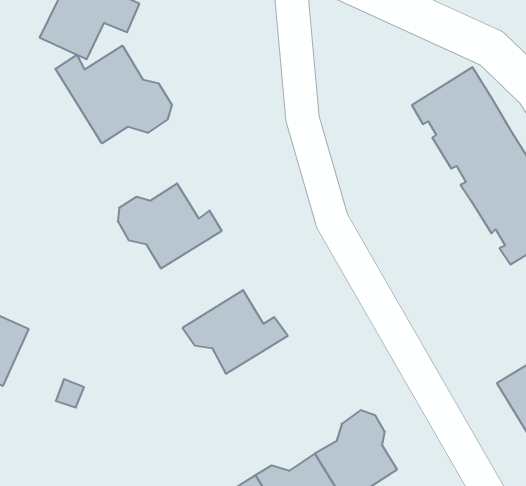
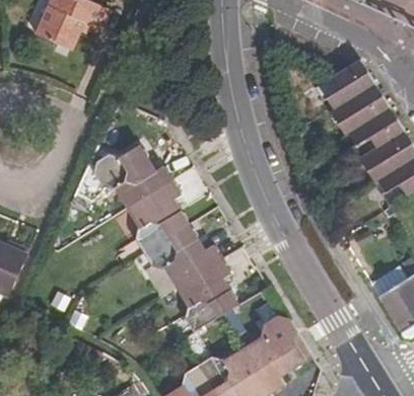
building: [55,46,172,143] -> none
building: none -> [127,179,189,252]
building: none -> [176,258,237,331]

